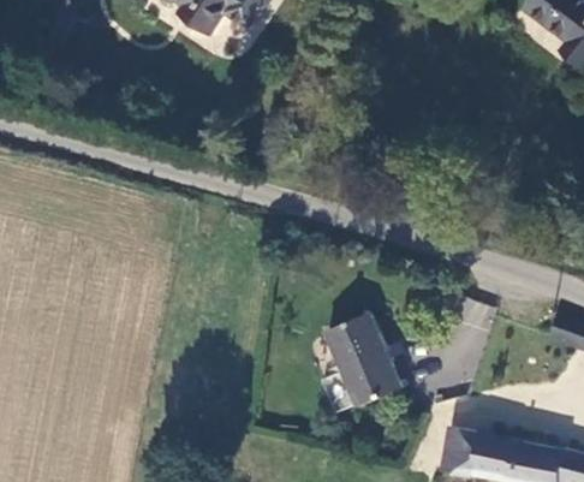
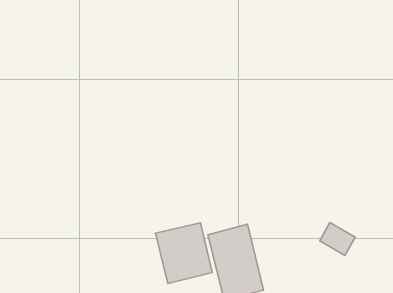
building: none -> [156,223,212,283]

